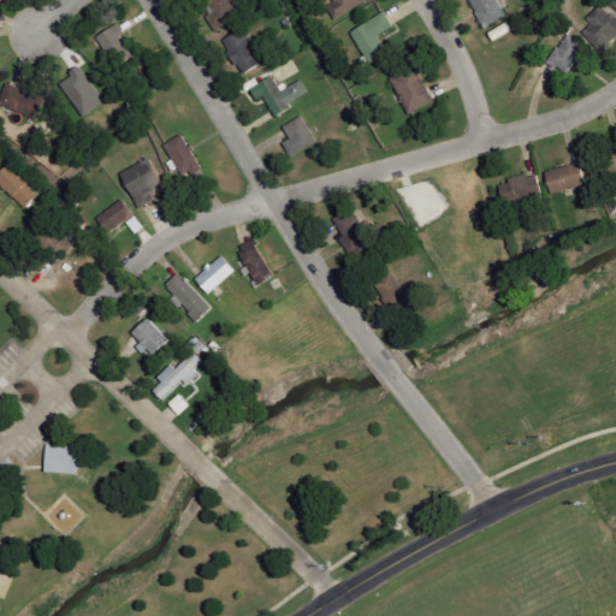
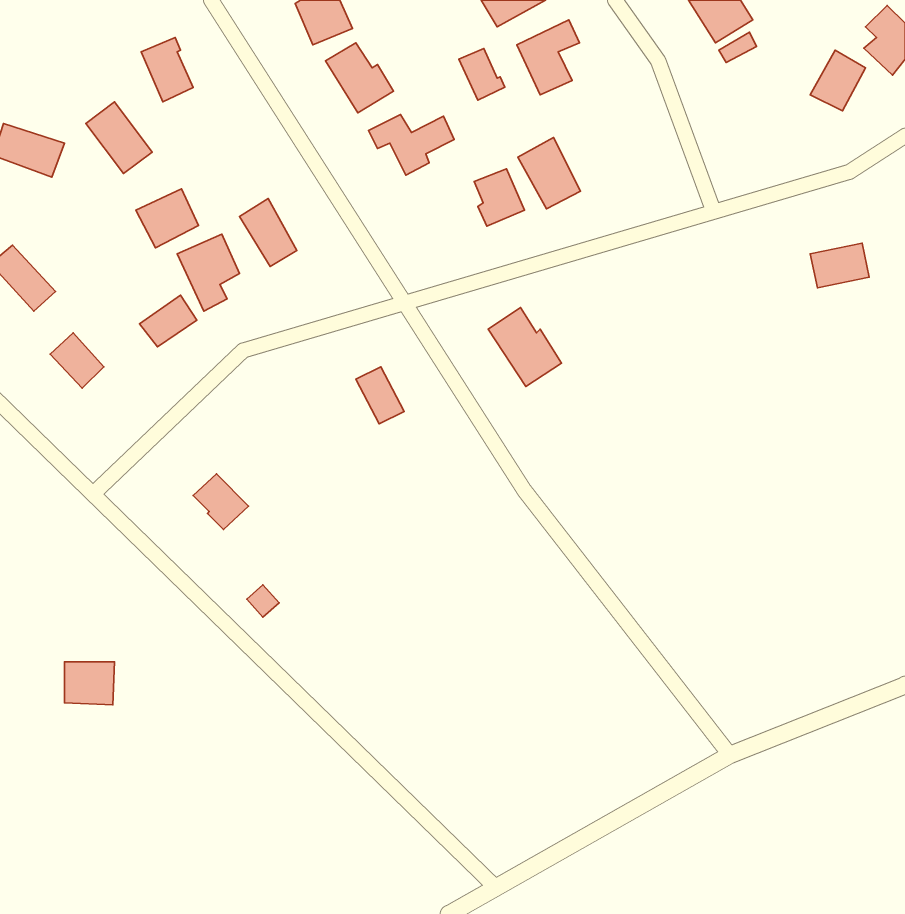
building: none -> [459,49,505,100]
building: [389,66,431,114] -> [518,137,580,209]
building: [280,117,314,155] -> [474,169,524,226]
building: none -> [136,189,199,248]
building: [497,172,541,206] -> none
building: [192,255,235,295] -> none
building: [164,273,208,322] -> none
building: [377,276,408,310] -> none
building: [153,351,200,398] -> none

